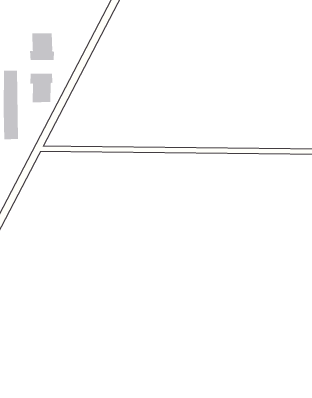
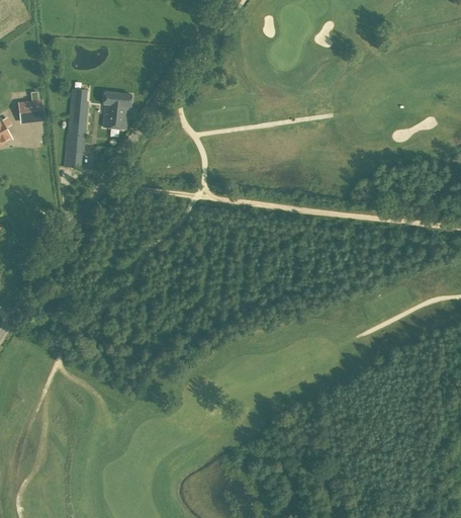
building: [30,32,55,61] -> none

